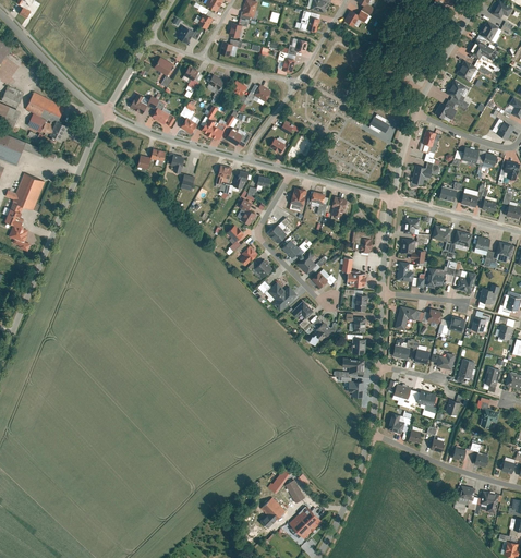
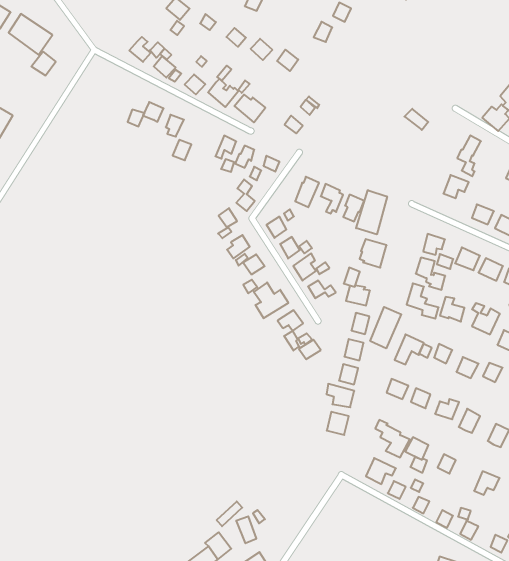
building: none -> [356,190,387,234]
building: none -> [370,307,401,348]

